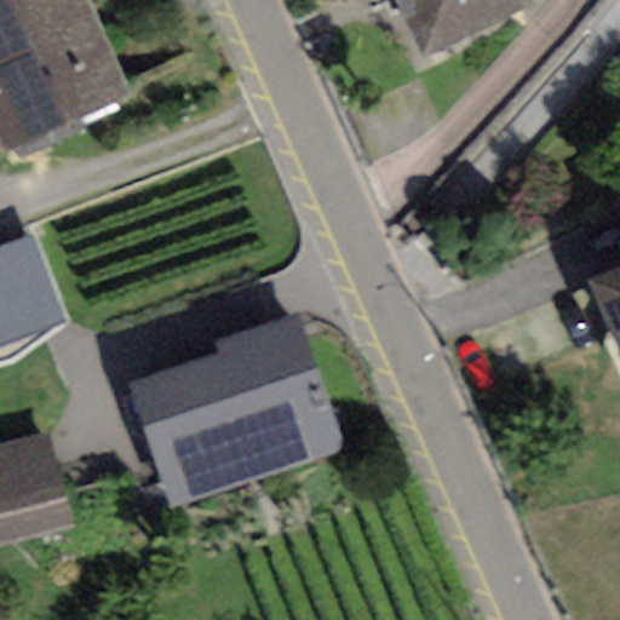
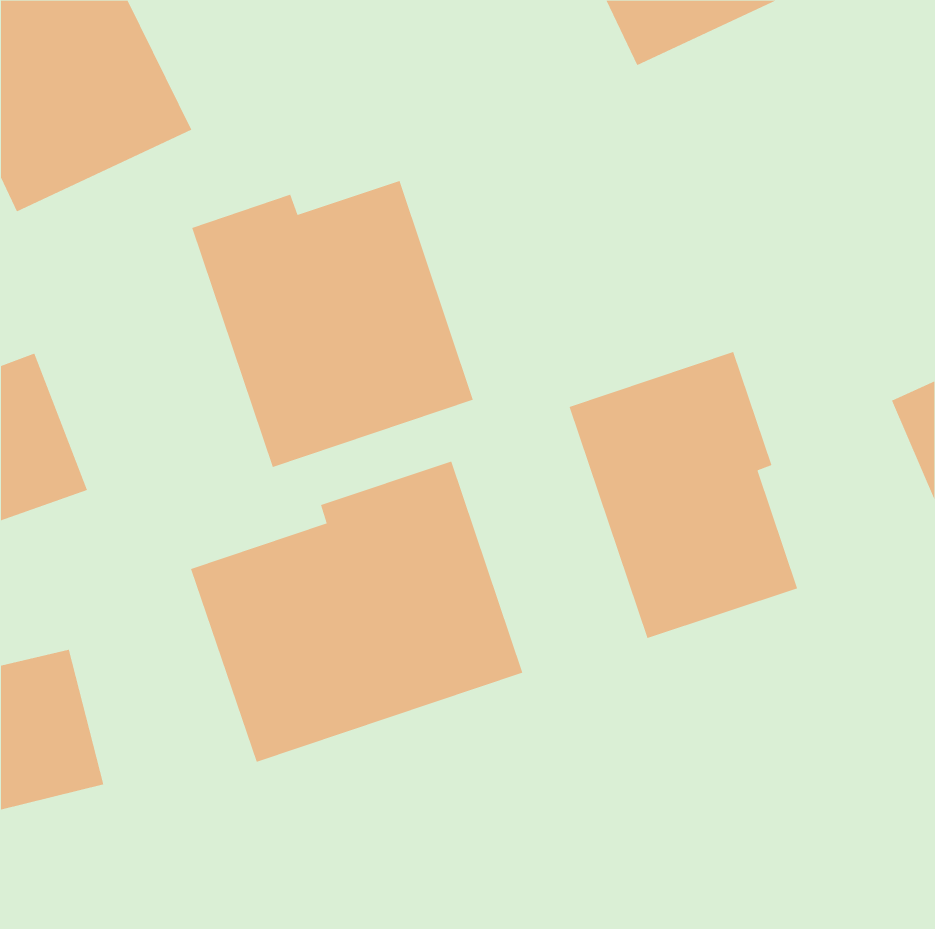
building: none -> [192,180,473,468]
building: none -> [569,351,798,639]

